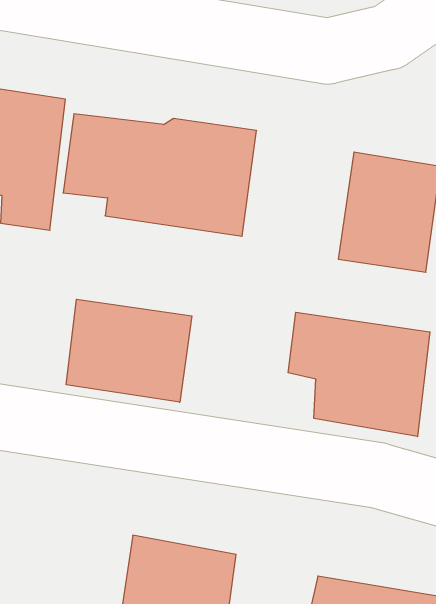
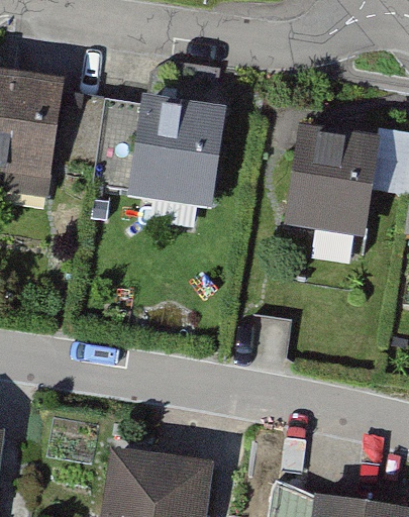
building: [66,299,192,402] -> none
building: [288,312,430,437] -> none

